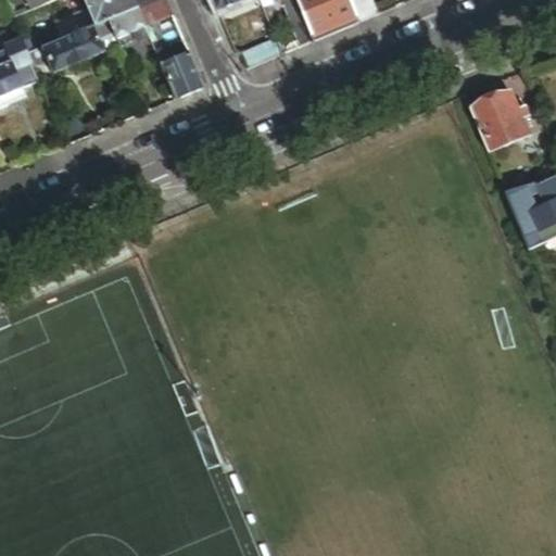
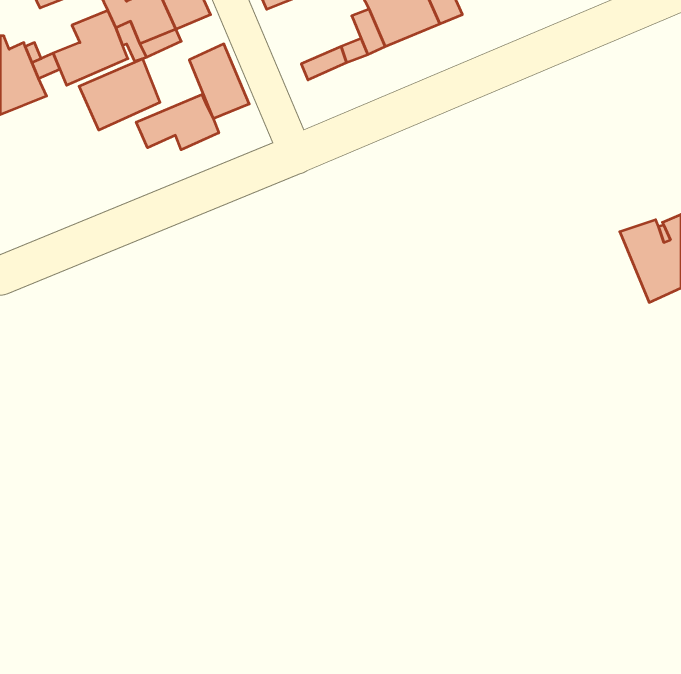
building: none -> [79,59,160,130]
building: none -> [136,95,219,150]
building: [470,89,529,150] -> none

